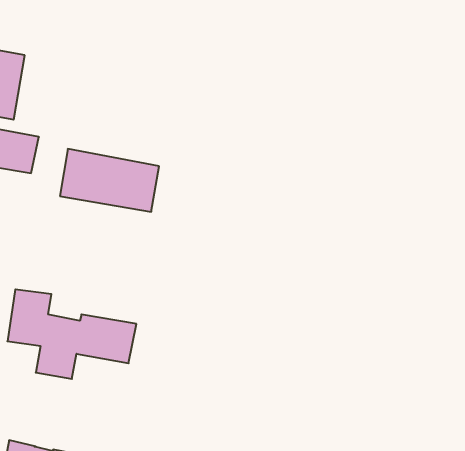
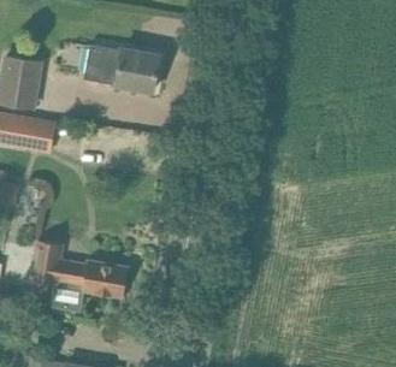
building: [60,149,159,212] -> [84,42,160,90]

